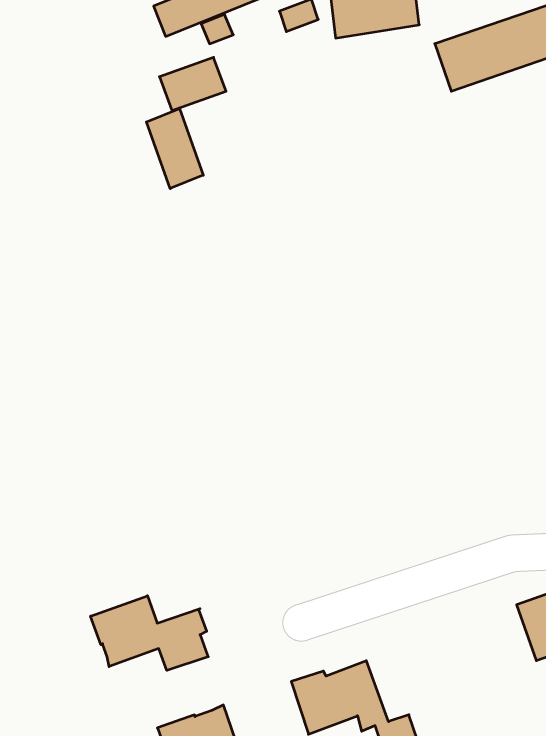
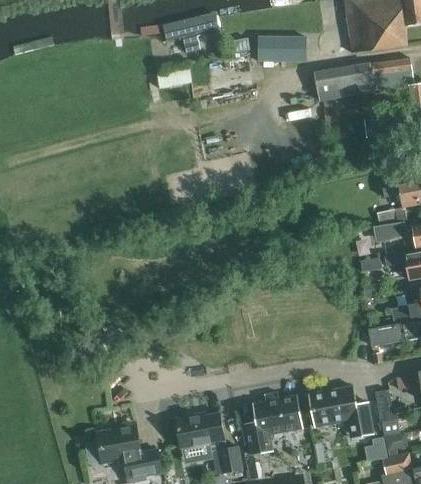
building: [146,109,203,189] -> none
building: [91,596,208,670] -> none
building: none -> [243,395,301,455]

